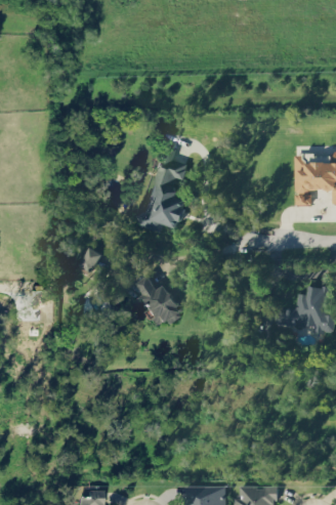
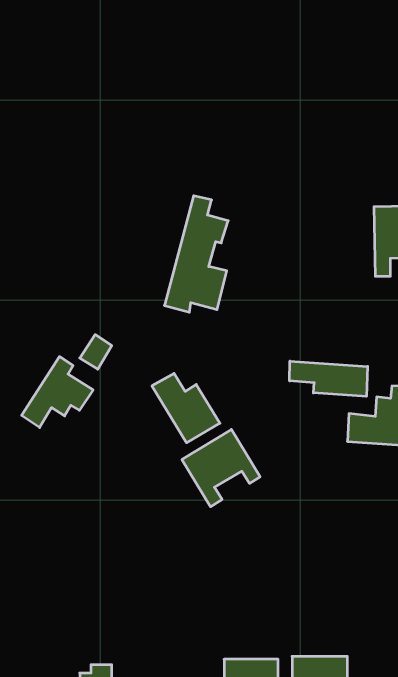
building: none -> [22,357,93,428]
building: none -> [290,361,368,396]
building: none -> [182,429,260,507]

